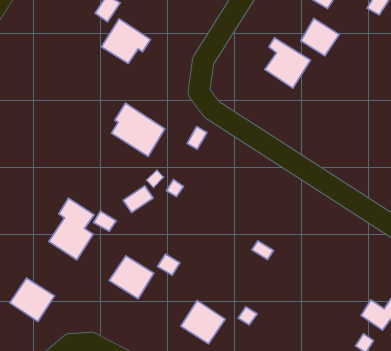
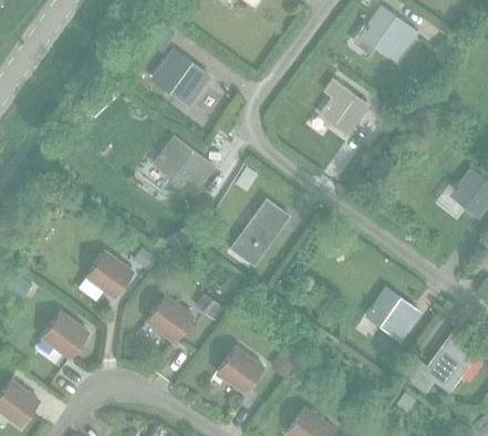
building: [301,19,339,56] -> none
building: none -> [236,201,291,259]
building: none -> [367,290,415,338]

